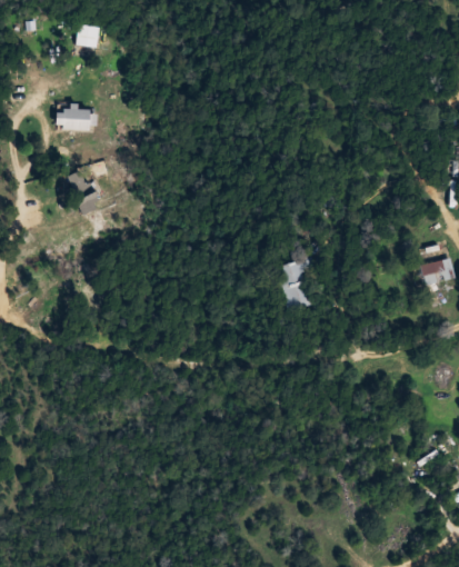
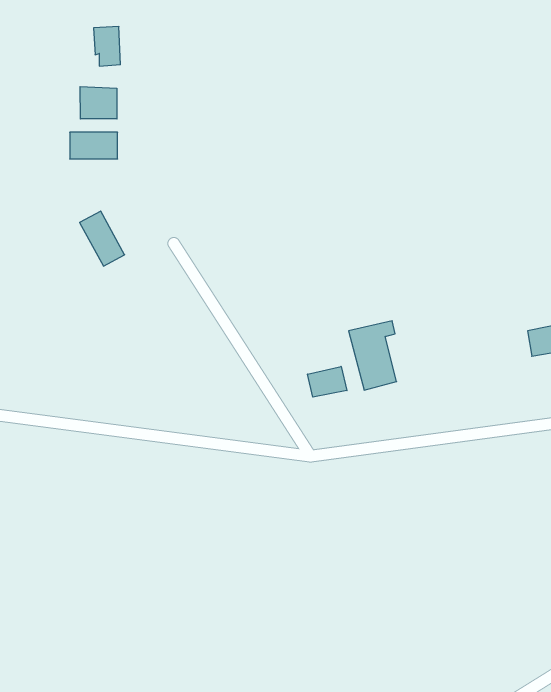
building: none -> [80,87,117,119]
building: none -> [308,366,347,397]

